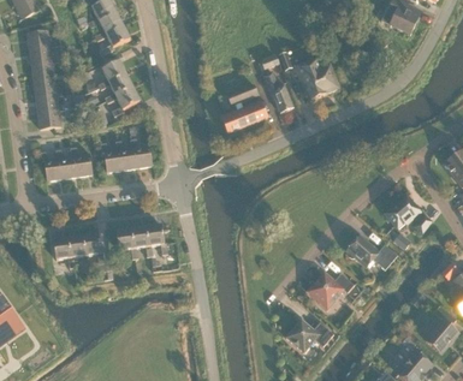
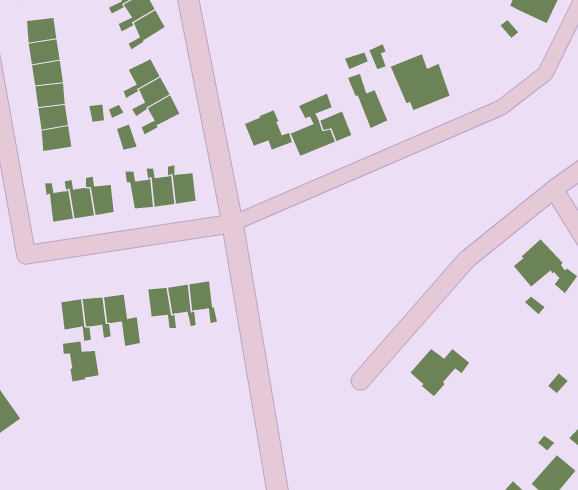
building: none -> [244,109,292,150]
building: [346,234,397,266] -> none
building: none -> [62,341,99,382]
building: [285,319,333,352] -> none

